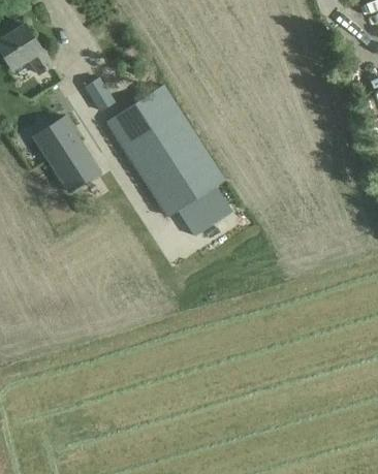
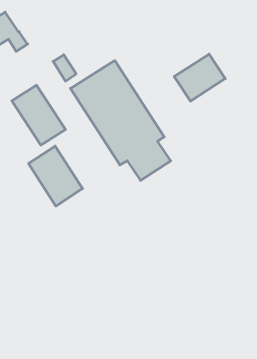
building: none -> [174,54,225,101]
building: none -> [29,146,83,206]

